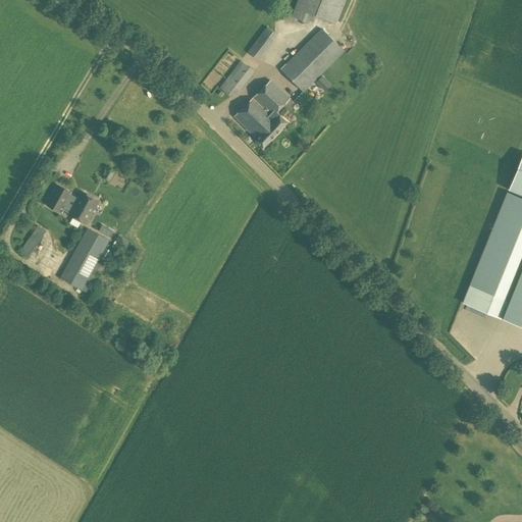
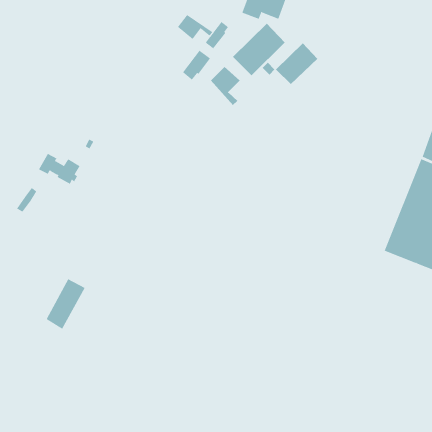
building: none -> [177,14,213,40]
building: none -> [275,43,318,85]
building: [234,97,281,147] -> none
building: [61,227,109,289] -> [46,279,86,329]

